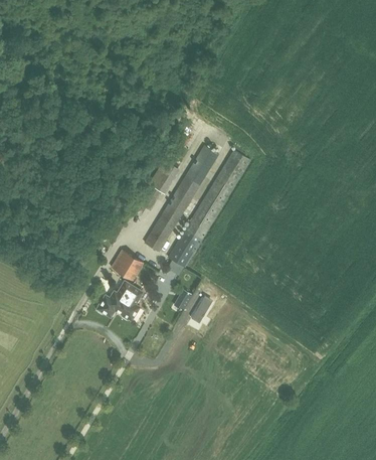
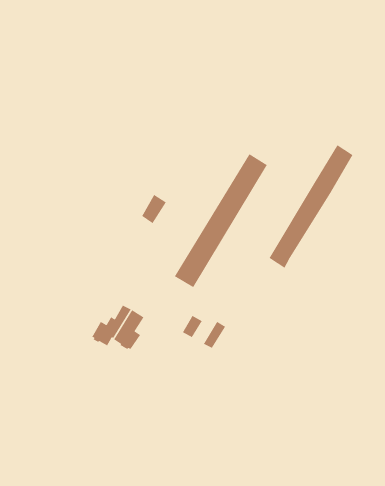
building: [145,143,218,251] -> [269,144,353,269]
building: [112,249,143,279] -> none

